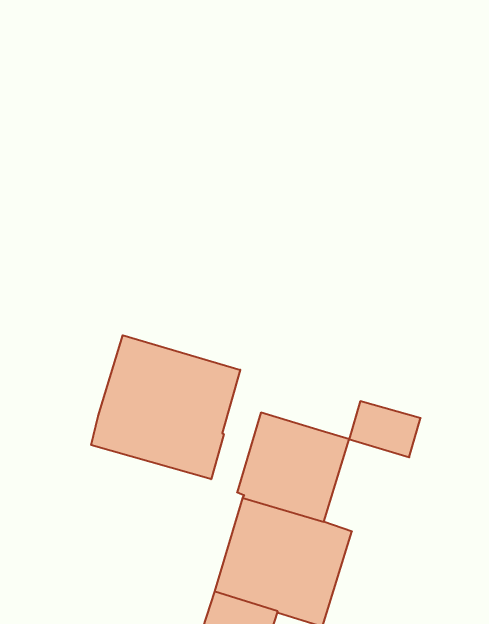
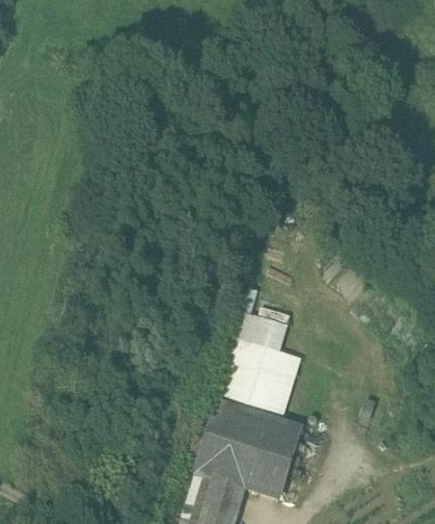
building: [91,335,240,479] -> none
building: [349,401,421,457] -> [234,312,287,353]

